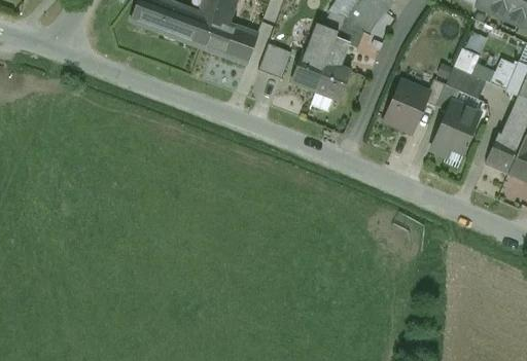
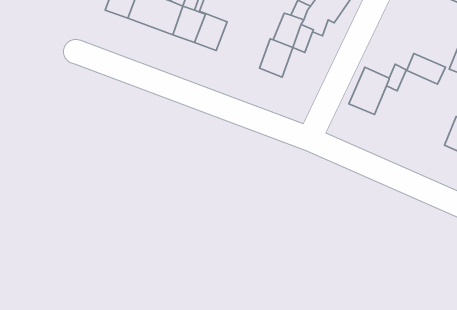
building: [257,43,290,78] -> none
building: [315,61,350,100] -> none
building: [431,102,479,155] -> none

